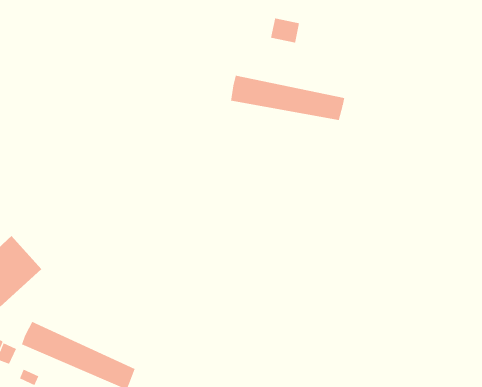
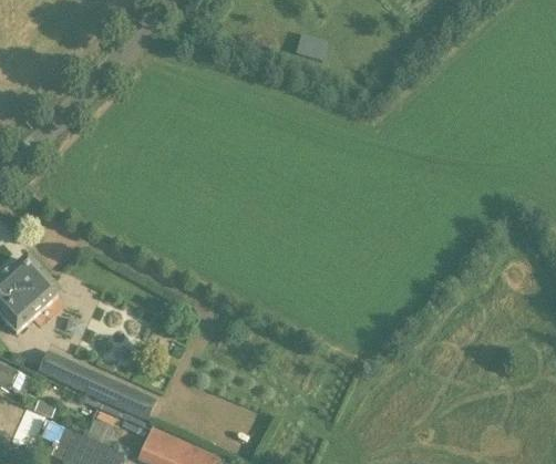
building: [230,75,345,121] -> none

